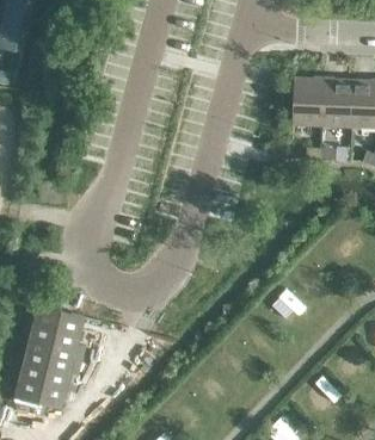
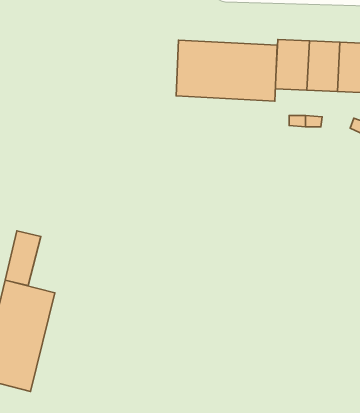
building: none -> [176,40,277,101]
building: none -> [5,231,41,286]

